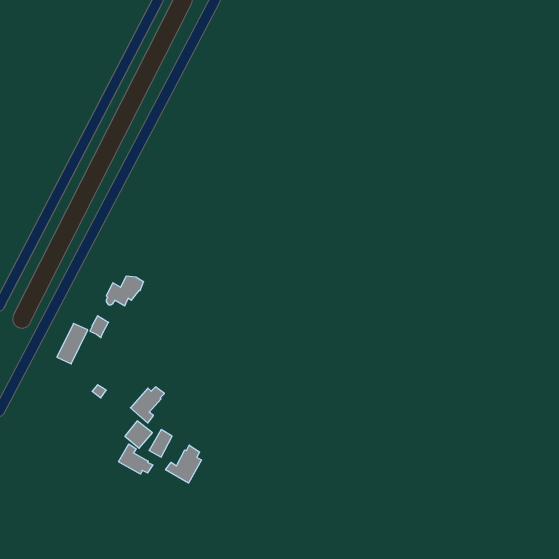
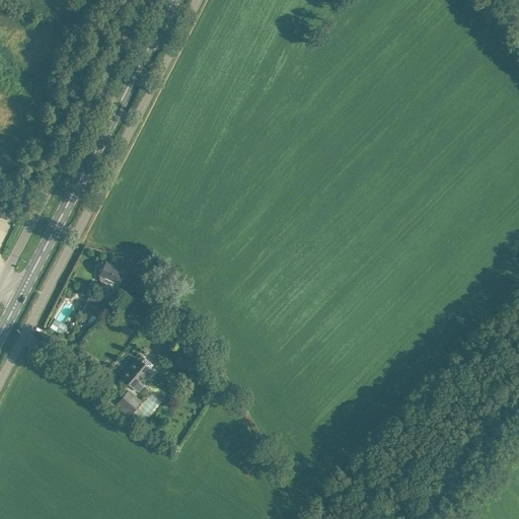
building: [119,444,153,474] -> none
building: [166,445,202,483] -> none

